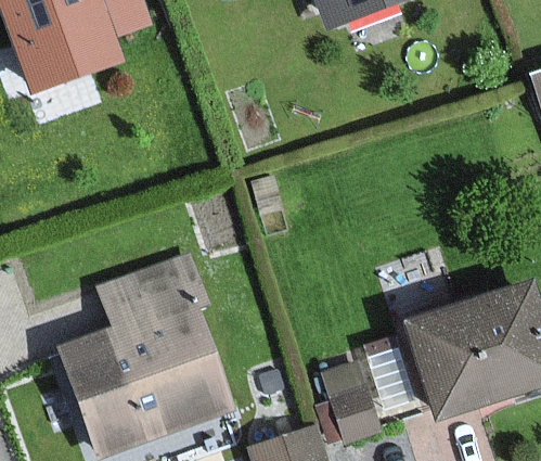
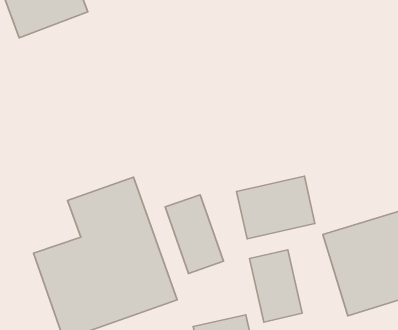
building: none -> [237,176,315,239]
building: none -> [165,195,224,273]

